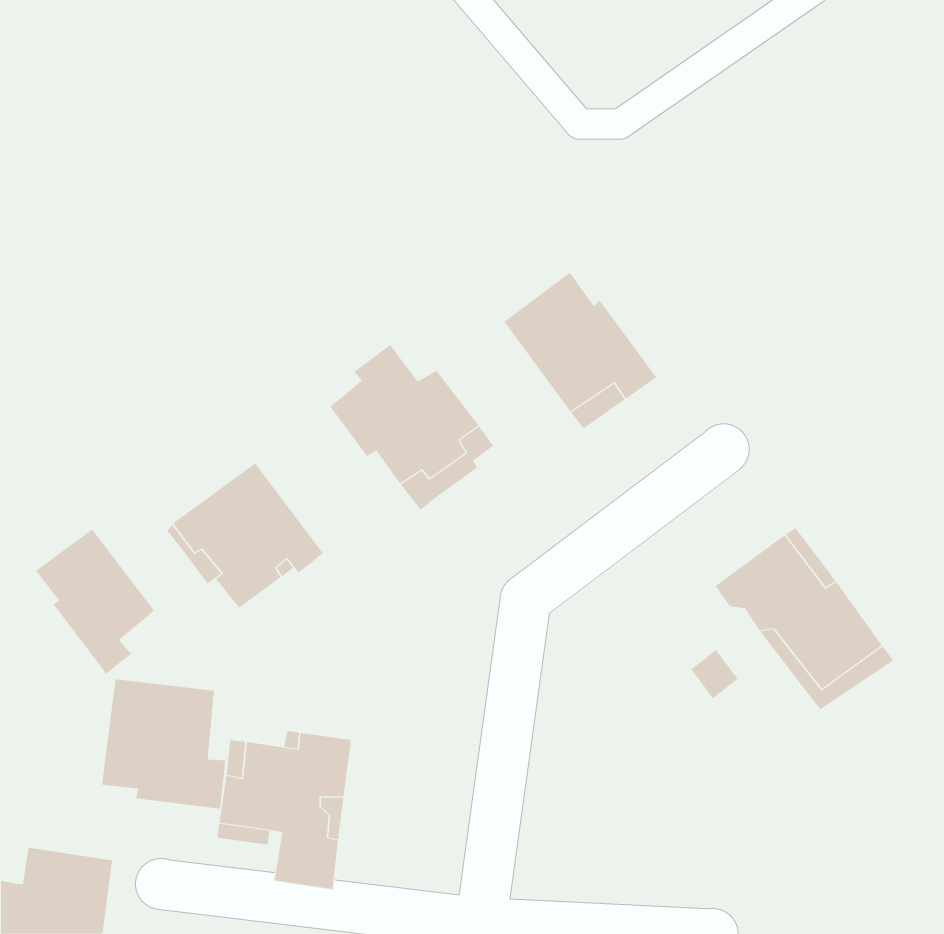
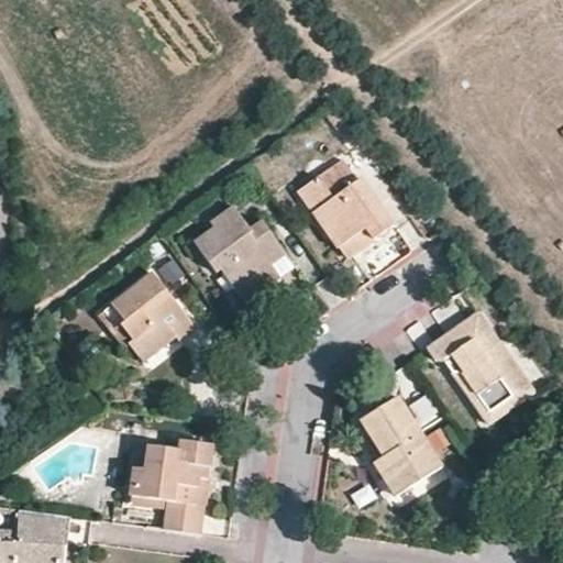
building: [35,528,155,675] -> none
building: none -> [360,396,441,494]
building: [101,678,226,809] -> none

